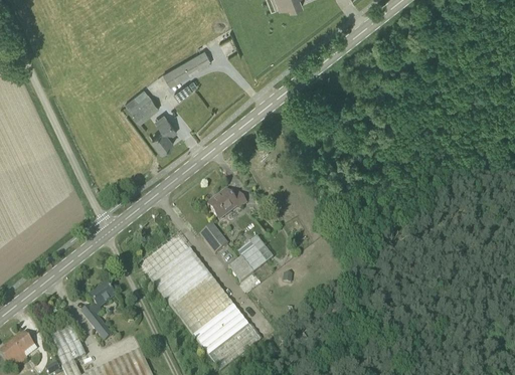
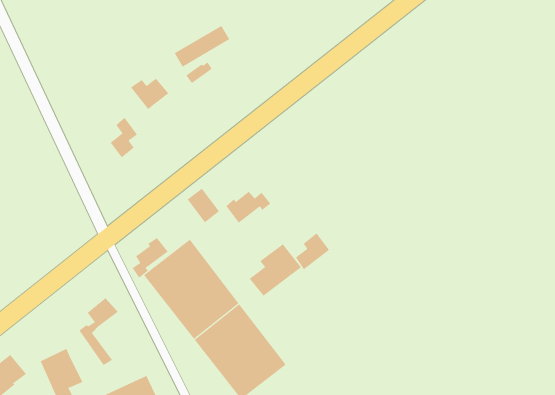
building: [152,115,176,150] -> [110,117,138,158]
building: [199,222,227,252] -> [187,188,220,223]
building: none -> [295,233,330,270]
building: none -> [132,237,168,278]

